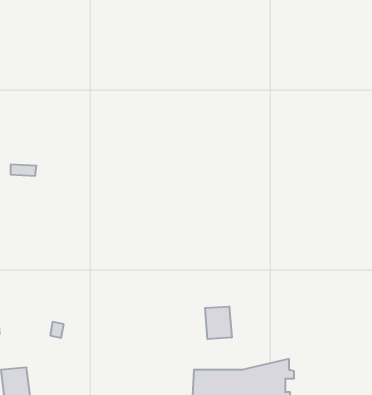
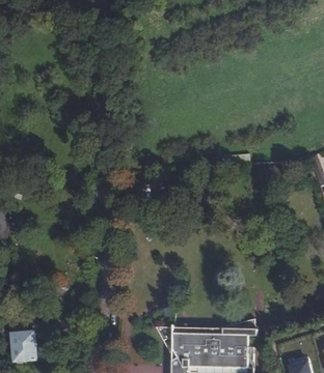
building: [205,306,232,339] -> none

